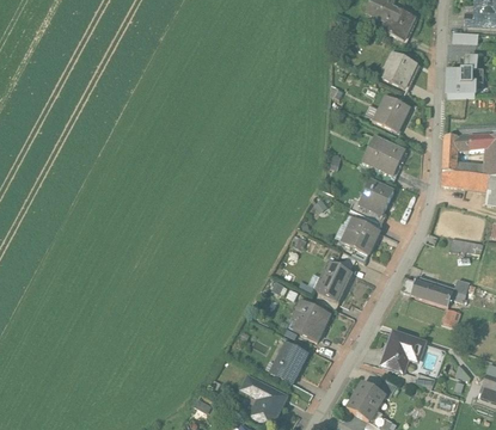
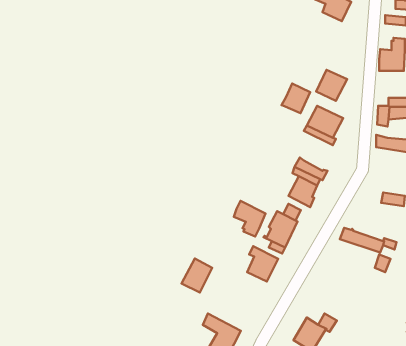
building: [381,51,416,87] -> none
building: none -> [282,84,310,113]
building: [360,179,392,211] -> none
building: none -> [234,201,265,237]
building: [384,334,424,371] -> none
building: [270,343,306,382] -> [181,259,212,293]

